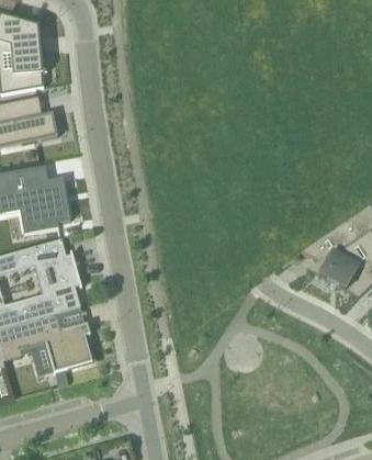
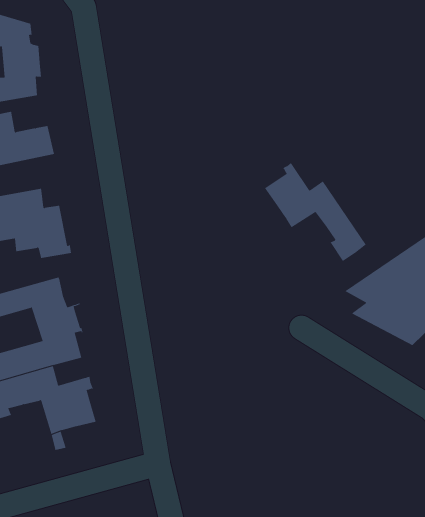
building: none -> [264,162,367,262]

